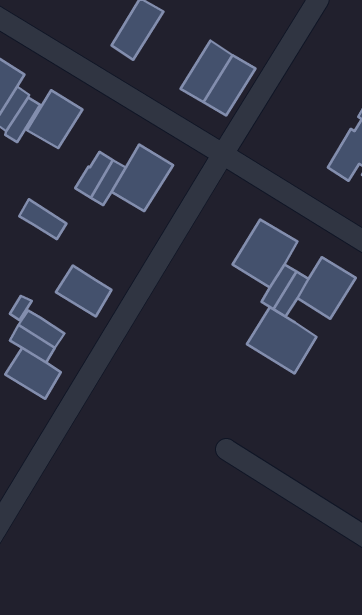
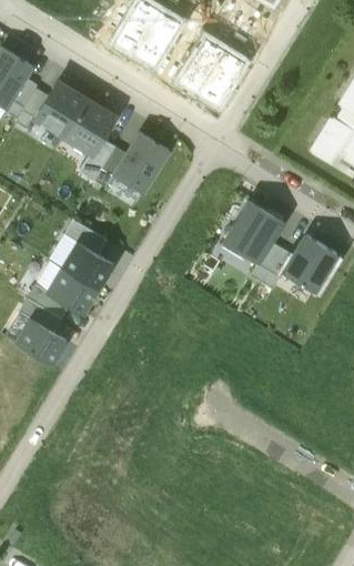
building: none -> [133,11,181,68]
building: none -> [64,101,115,154]
building: [19,199,66,239] -> [64,221,108,257]
building: none -> [48,269,99,314]
building: [247,307,317,374] -> none

